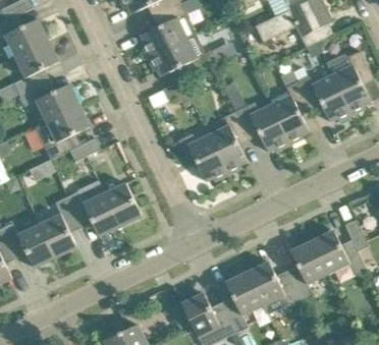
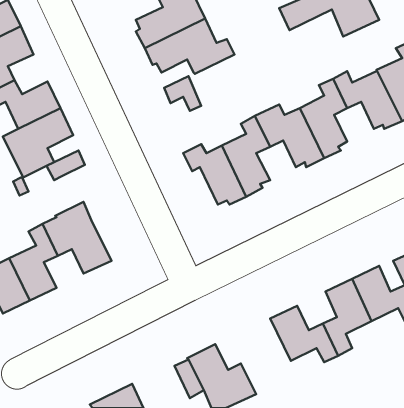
building: [104,182,142,226] -> none
building: [223,272,263,332] -> none

